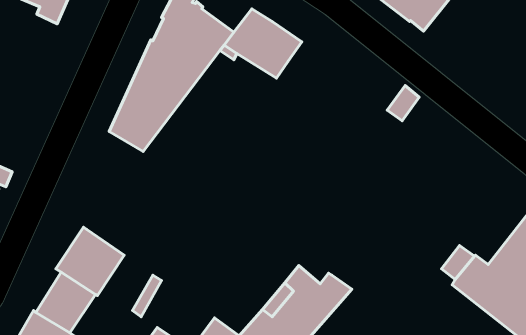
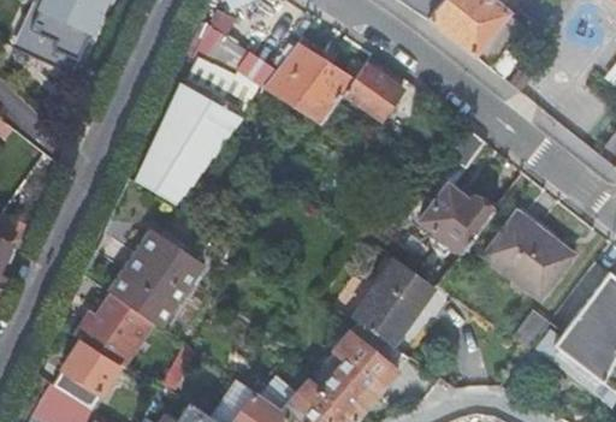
building: none -> [338,63,402,118]
building: none -> [421,184,494,251]
building: none -> [484,208,575,297]
building: none -> [111,231,202,326]
building: none -> [353,257,431,343]

